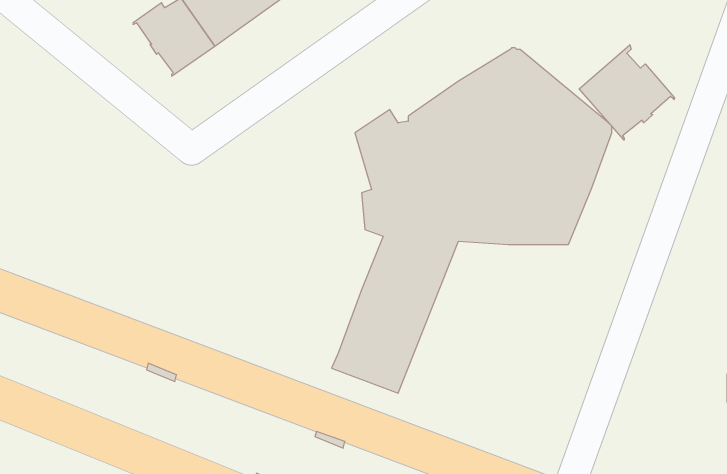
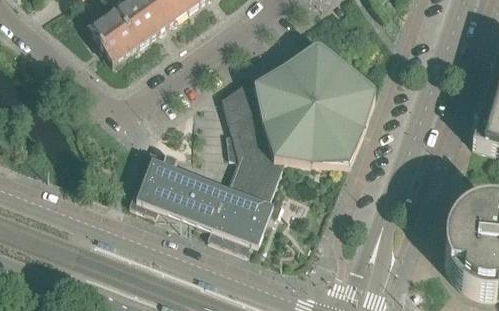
building: [579,45,674,140] -> none
building: none -> [132,146,228,225]

